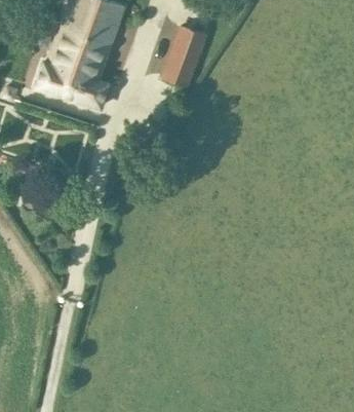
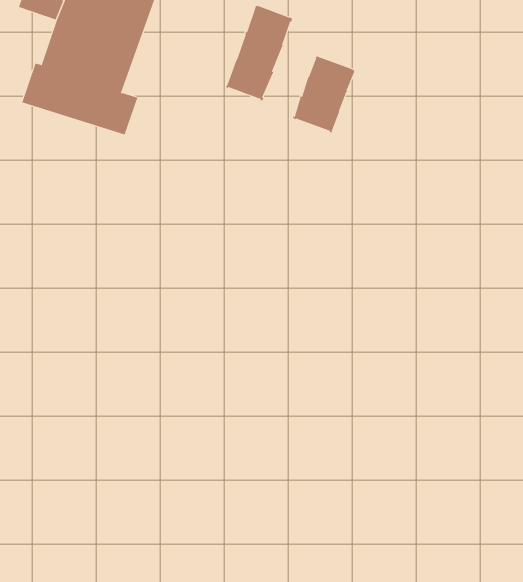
building: none -> [293,56,356,133]

